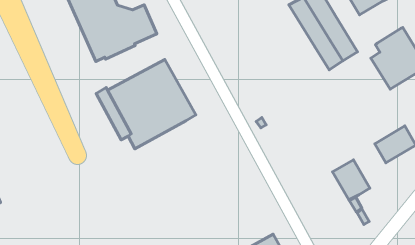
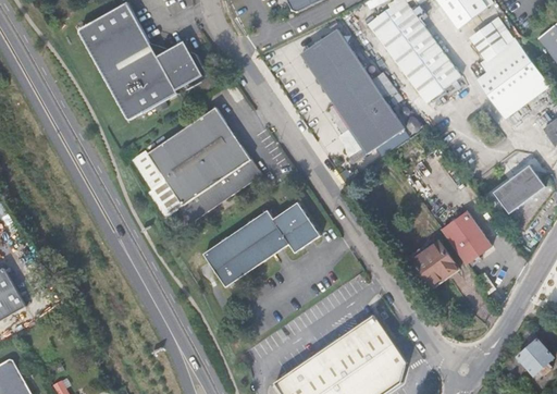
building: none -> [299,28,405,152]
building: none -> [467,17,510,61]
building: none -> [203,202,319,285]
building: none -> [411,241,457,283]

